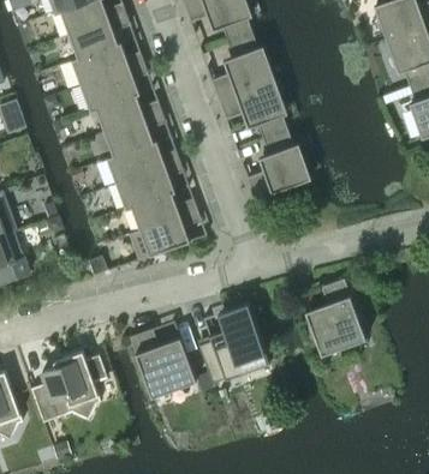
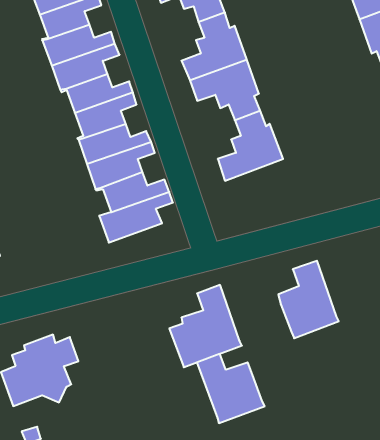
building: [129,329,196,397] -> [197,354,265,423]

